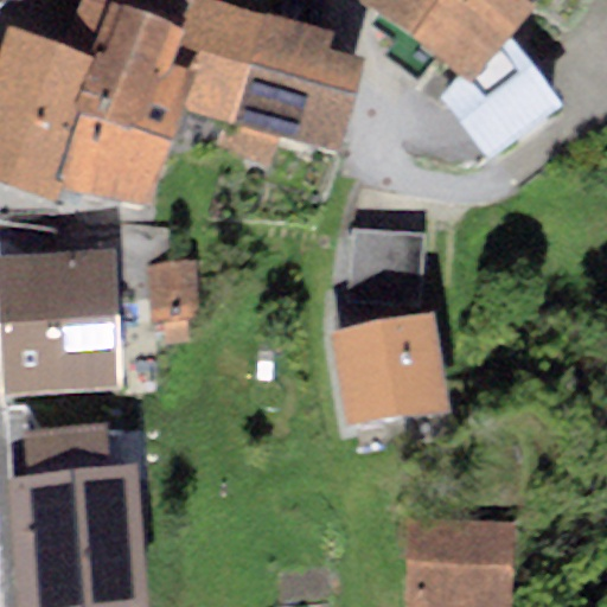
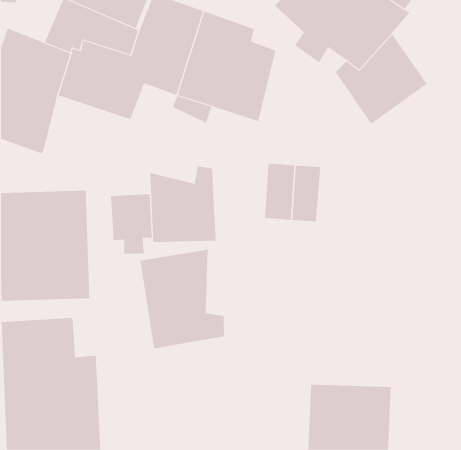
building: [59,126,172,213] -> none
building: none -> [150,165,216,243]
building: [330,299,451,415] -> none
building: none -> [140,249,224,349]

